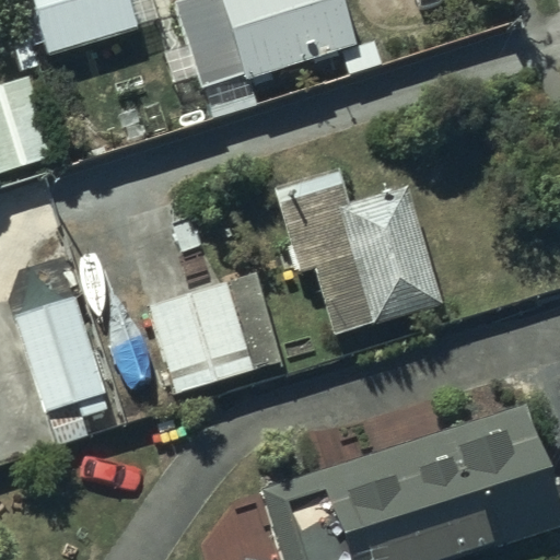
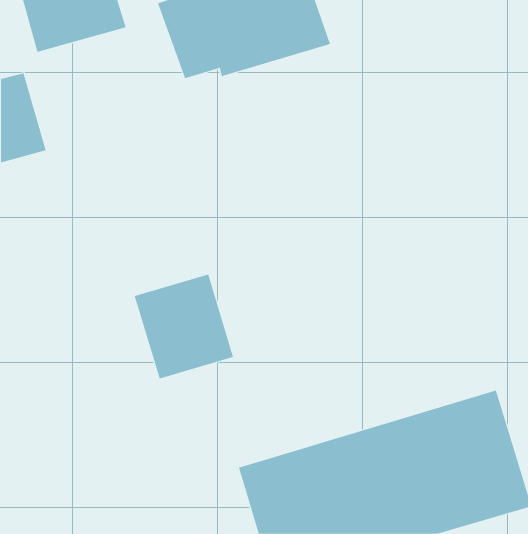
building: [275,161,439,335] -> none
building: [15,299,106,410] -> none

